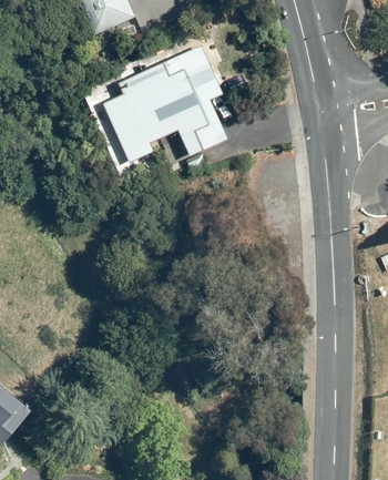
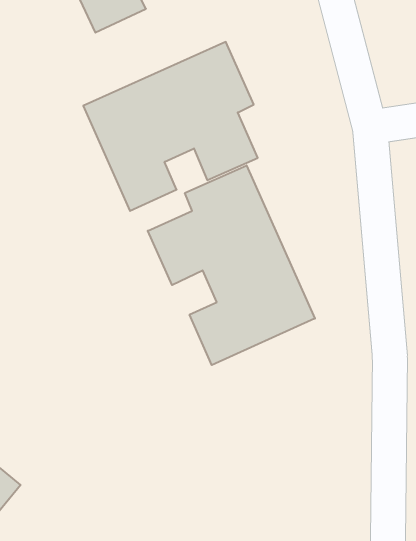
building: none -> [148,165,315,365]

